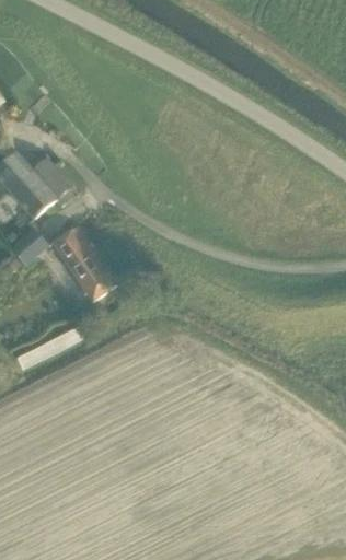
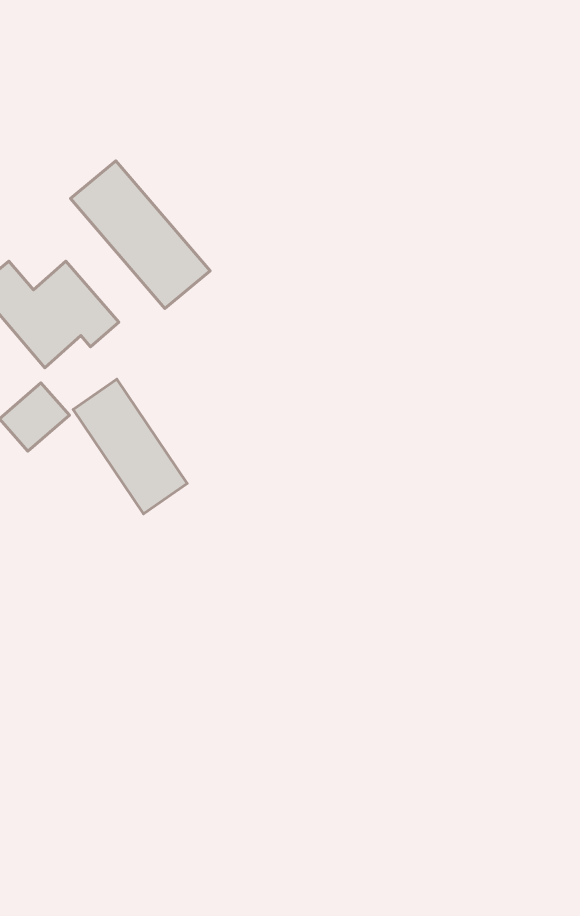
building: none -> [71,161,210,308]

